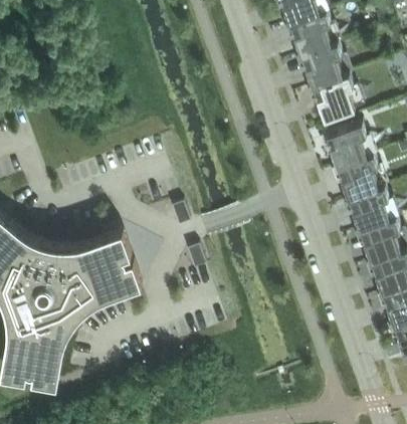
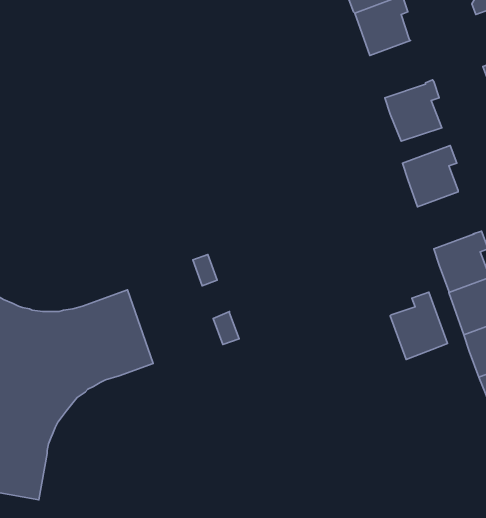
building: [303,49,345,94] -> none
building: [339,161,381,206] -> none
building: none -> [390,292,448,360]

